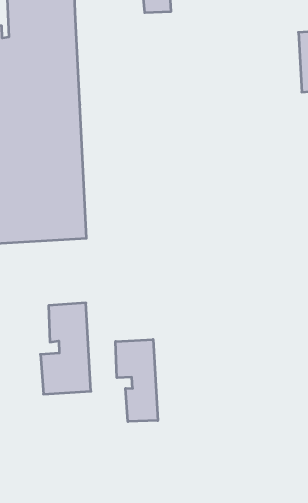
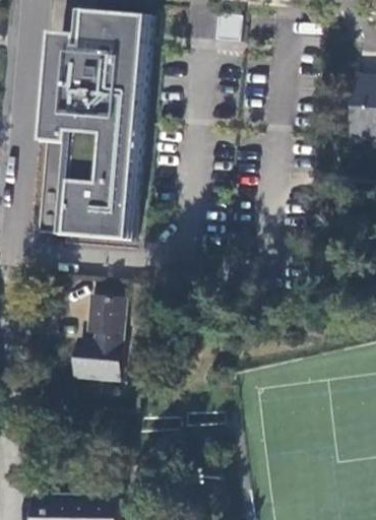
building: [116,339,158,422] -> none

